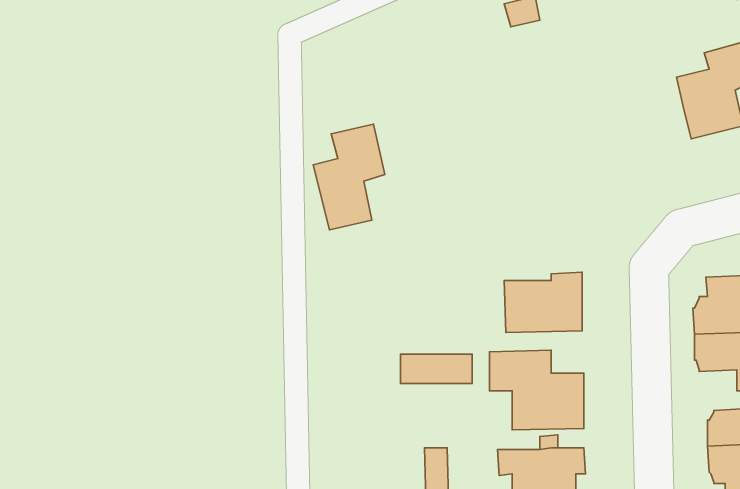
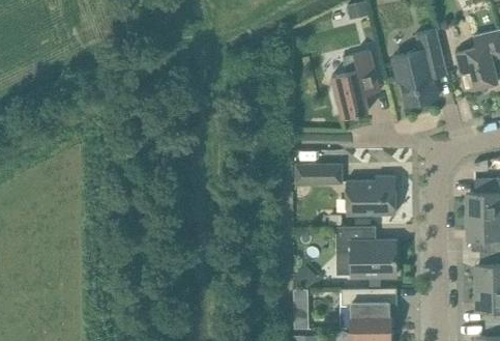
building: none -> [392,30,447,106]
building: [313,124,385,230] -> [331,52,377,119]
building: [401,354,472,383] -> [296,166,342,184]

